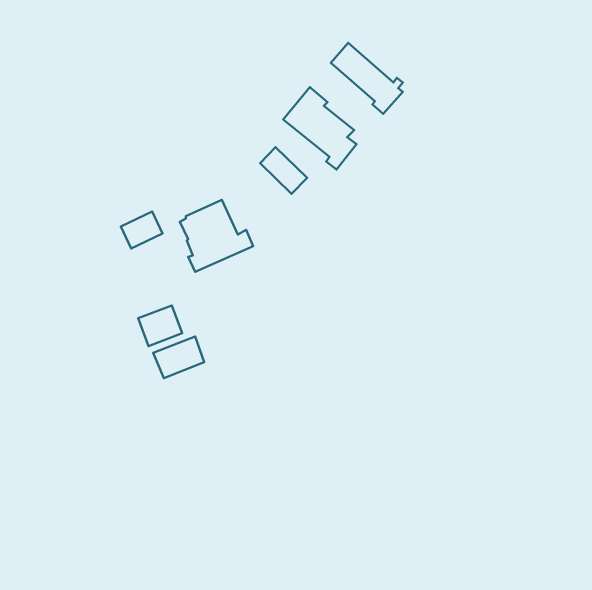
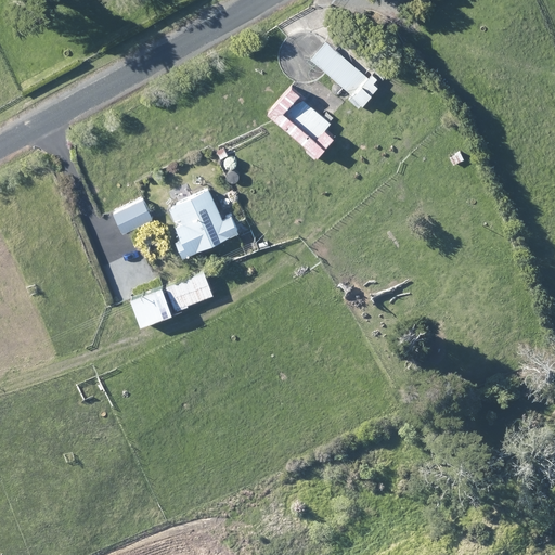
building: [260,147,307,194] -> none
building: [153,336,204,378] -> [166,272,214,311]

